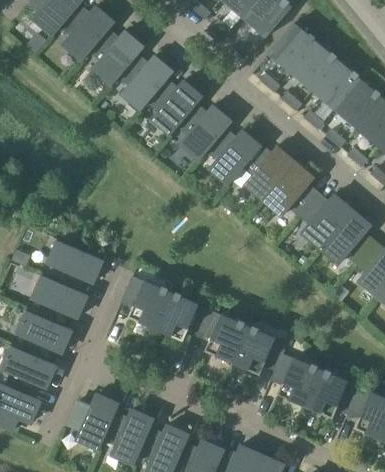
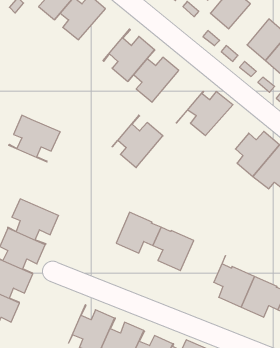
building: [291,42,339,91] -> none
building: [111,48,172,110] -> none
building: [199,122,260,185] -> [112,115,163,168]
building: [263,163,315,216] -> none
building: [41,240,103,296] -> [9,115,60,162]
building: [123,276,172,329] -> none
building: [233,326,287,376] -> none
building: [67,393,119,449] -> none

